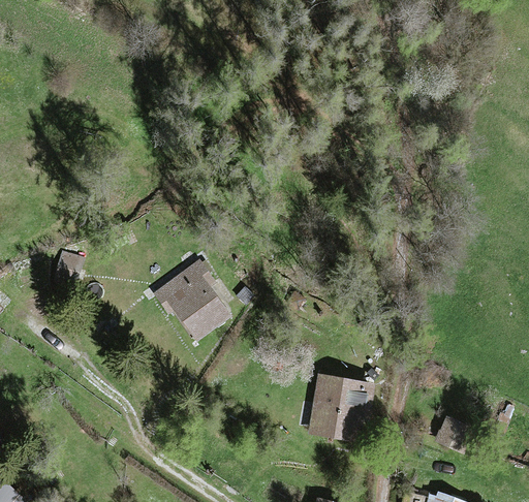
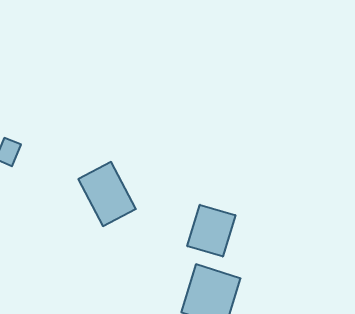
building: none -> [187,205,235,257]

